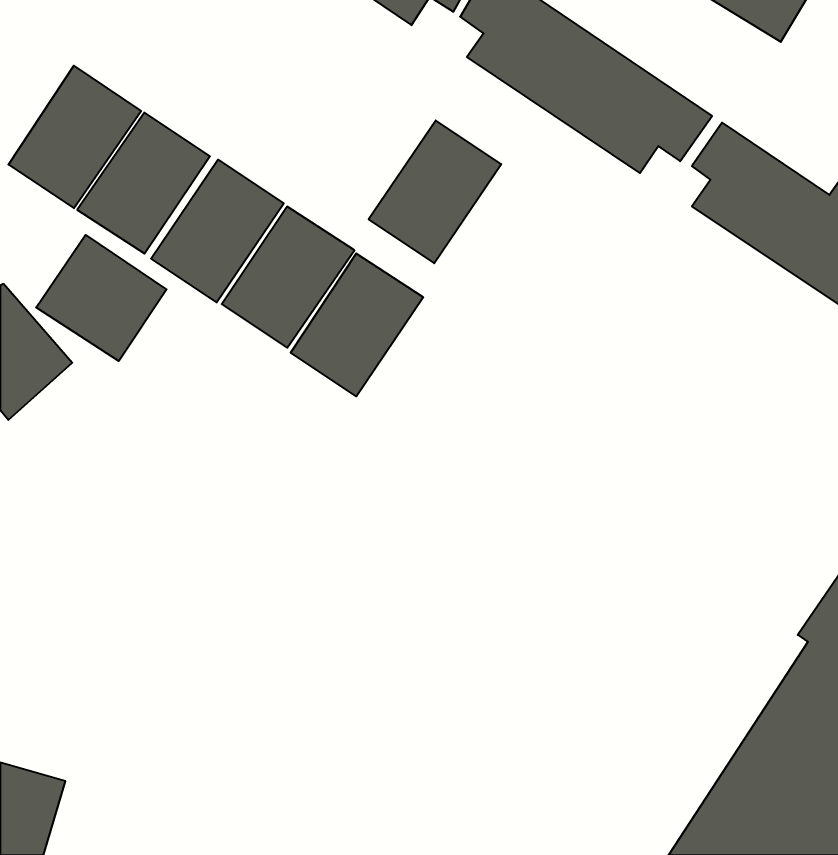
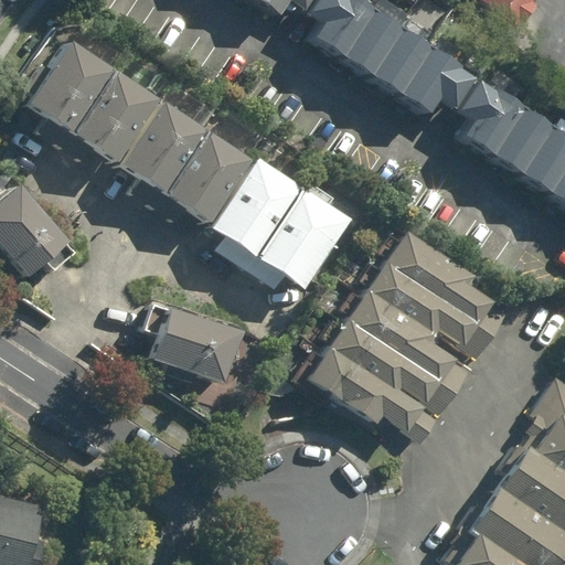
building: [369,120,501,263] -> [252,198,339,291]
building: [36,235,167,361] -> none
building: none -> [298,230,499,448]
building: none -> [143,317,228,384]

